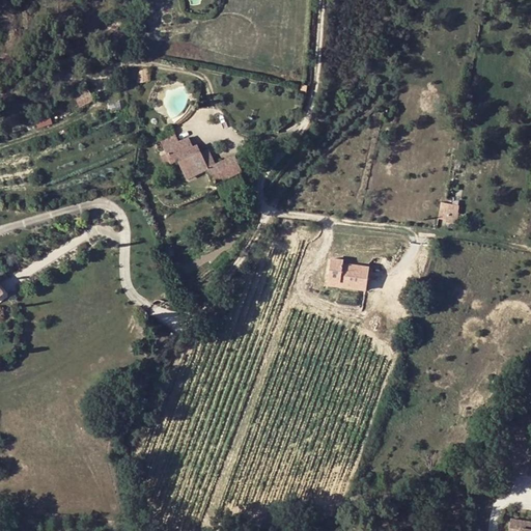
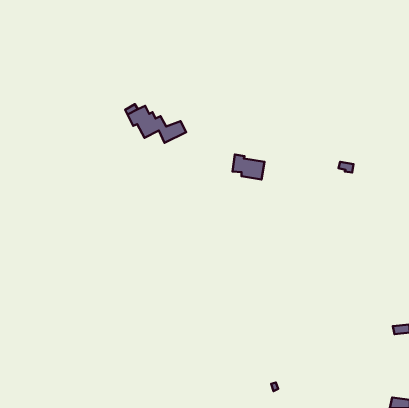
building: [327,257,368,289] -> [233,155,265,179]

